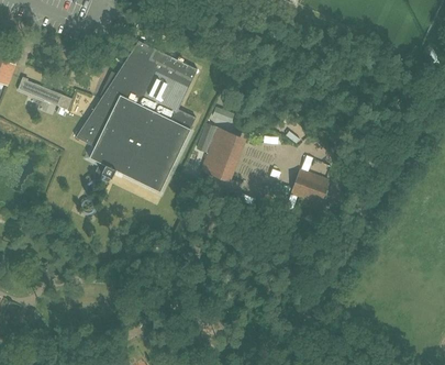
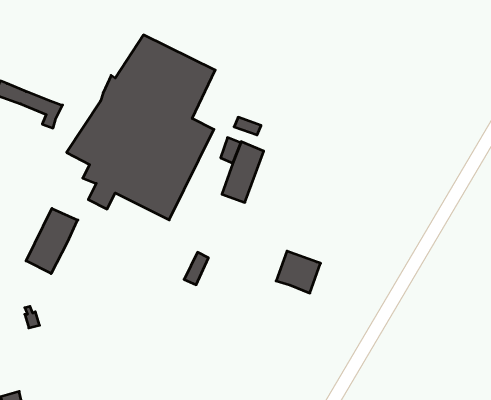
building: [291,169,327,203] -> [276,251,321,293]
building: none -> [26,208,78,274]

